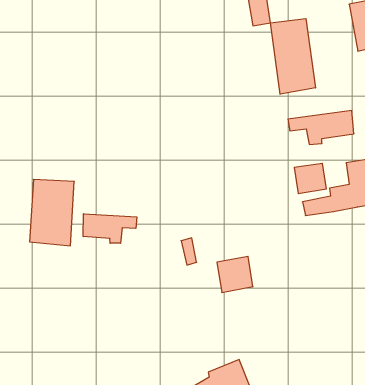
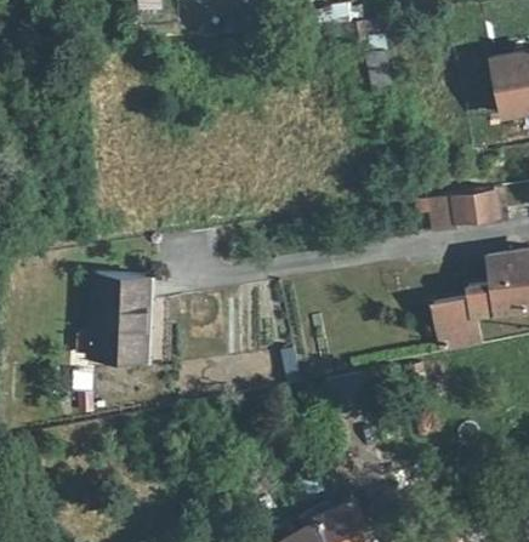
building: [270,19,315,94] -> none
building: [294,163,326,194] -> [436,316,476,354]
building: [83,214,137,243] -> none

